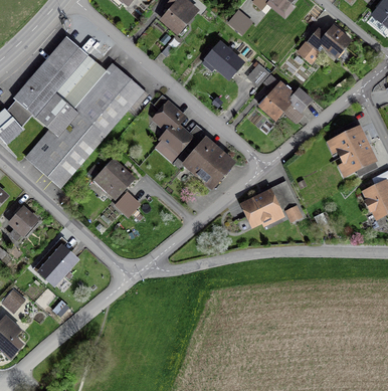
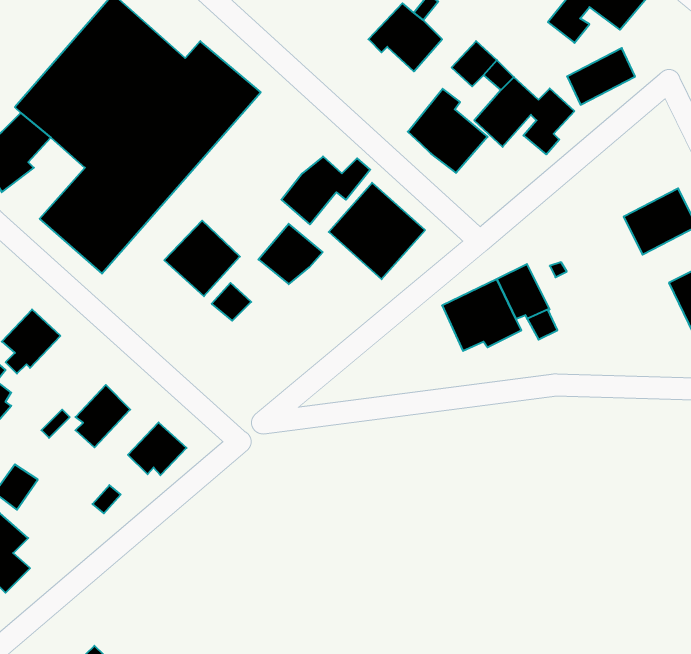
building: none -> [408,89,488,173]
building: [151,102,185,134] -> [258,224,323,284]
building: [331,127,367,157] -> [567,48,635,105]
building: none -> [128,422,187,475]

